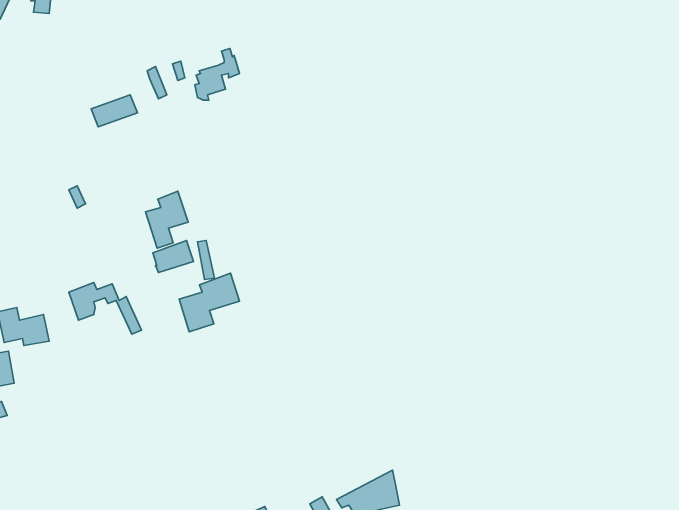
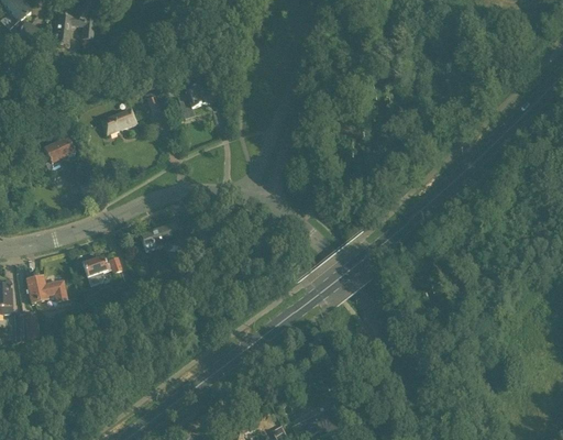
building: none -> [44,136,74,171]
building: [146,191,188,248] -> none
building: [179,273,240,332] -> none

